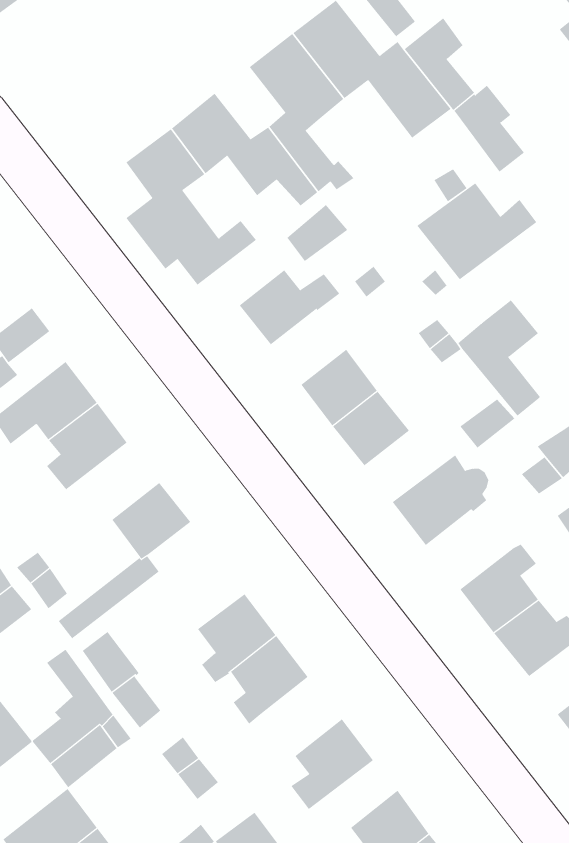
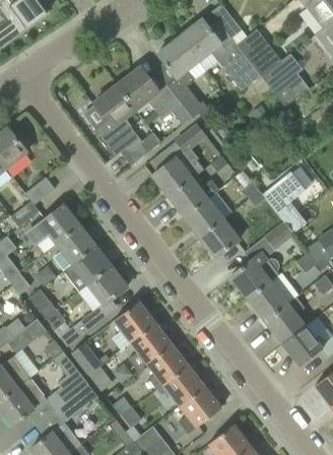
building: [416,183,537,280] -> none
building: none -> [168,178,218,216]
building: none -> [63,246,111,291]
building: none -> [247,280,291,321]
building: none -> [113,302,154,341]
building: none -> [162,366,204,406]

